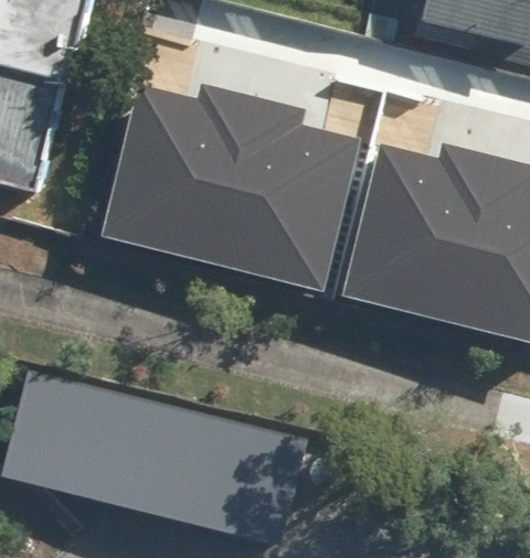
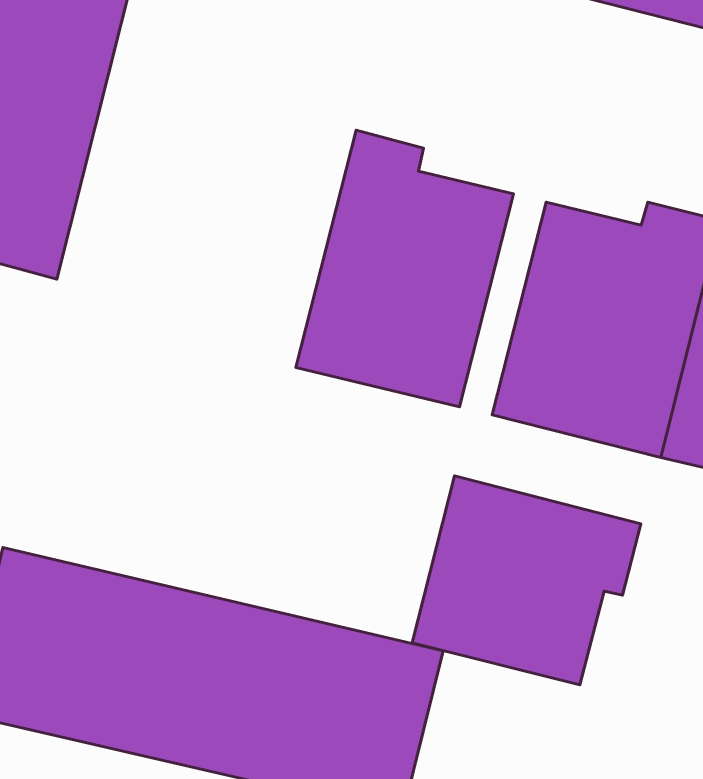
building: [99,84,254,256] -> none
building: none -> [412,476,641,685]

